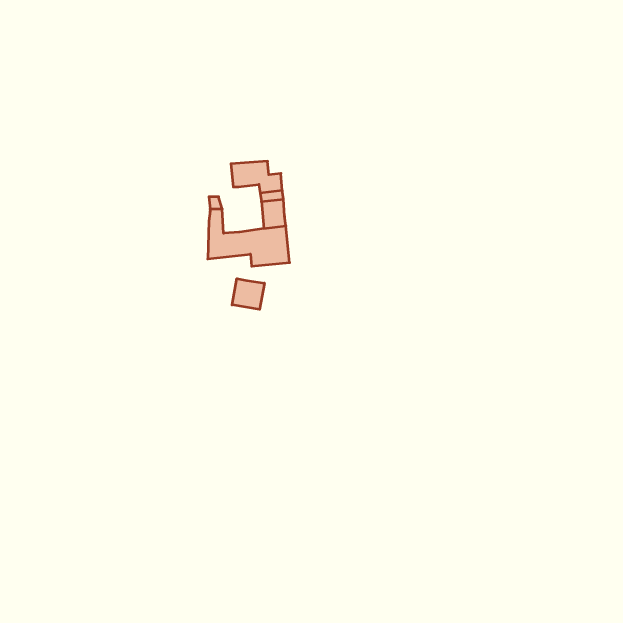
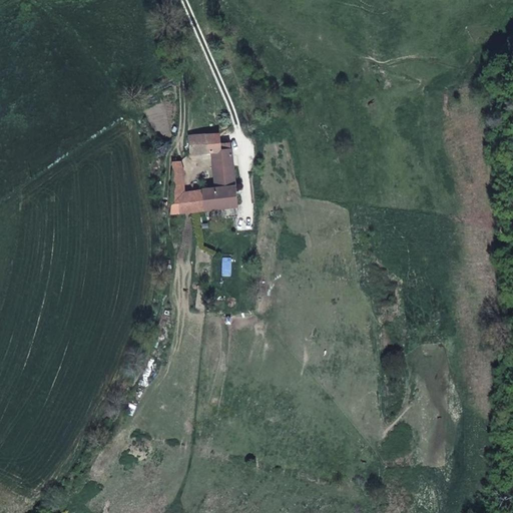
building: [232,279,264,309] -> none

